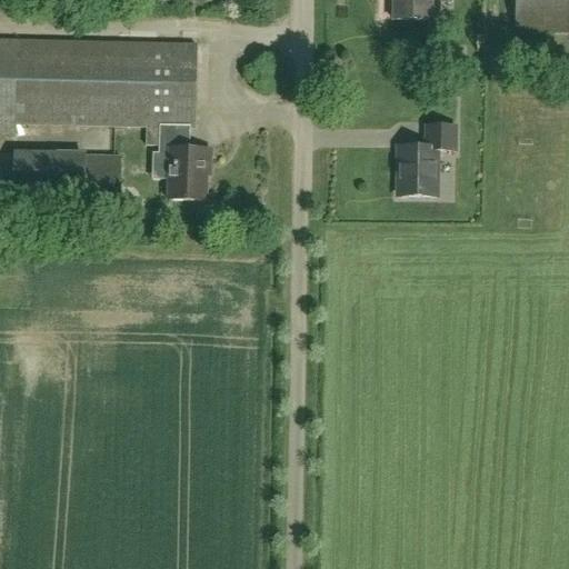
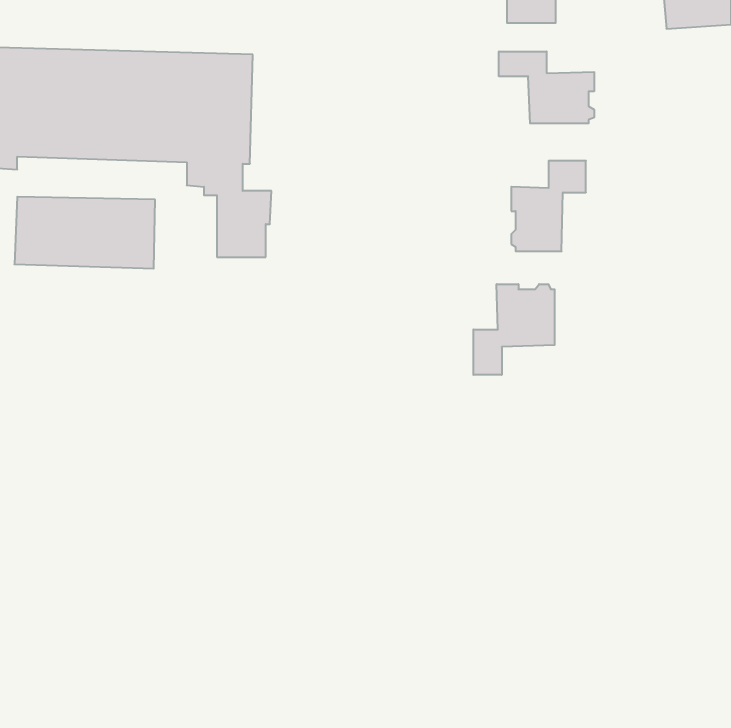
building: none -> [499,51,594,123]
building: none -> [473,284,555,375]

